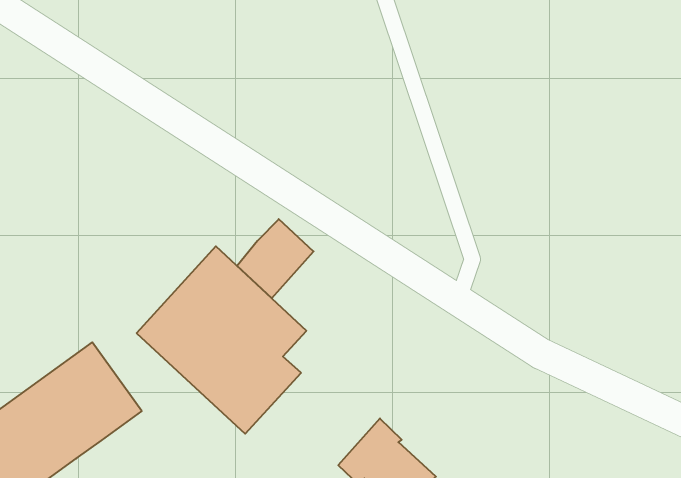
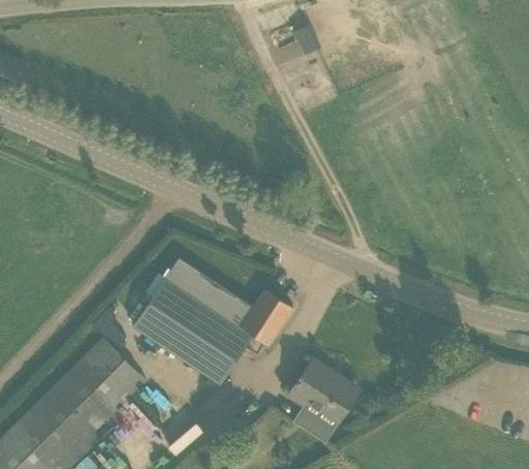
building: [237,219,314,298] -> [240,289,291,345]

